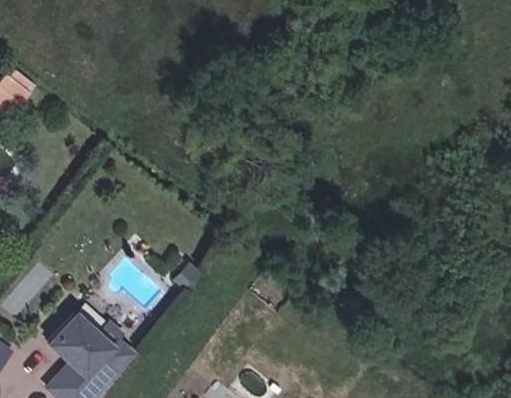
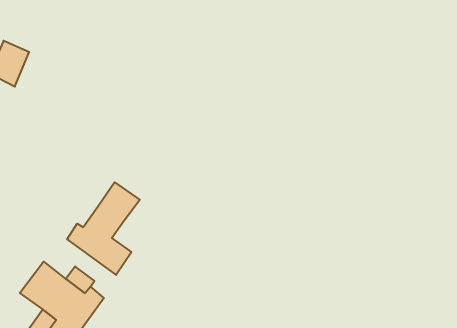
building: none -> [67,182,140,275]

